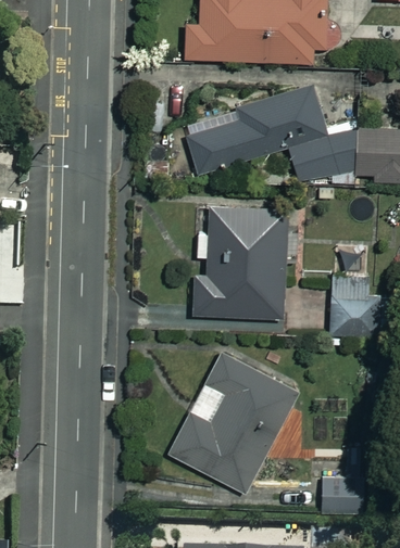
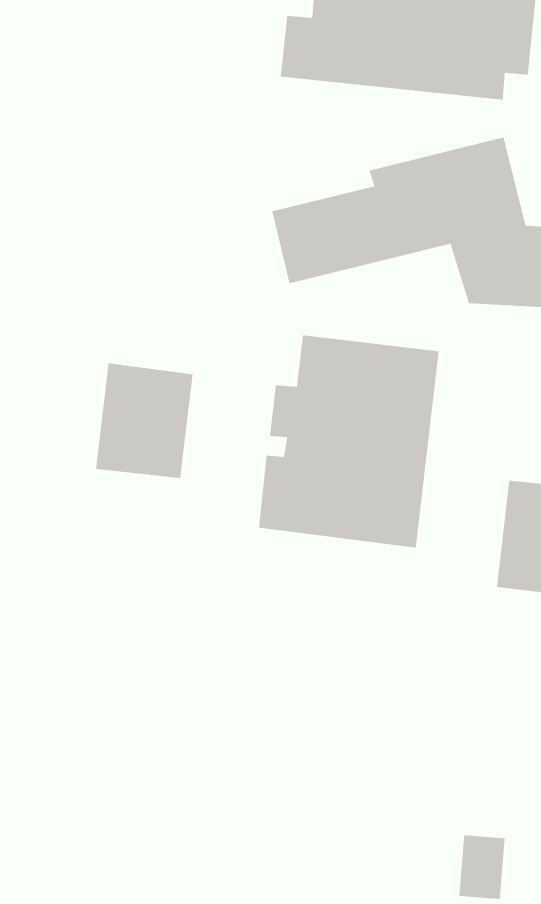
building: none -> [95,363,193,479]
building: [168,353,296,492] -> none

